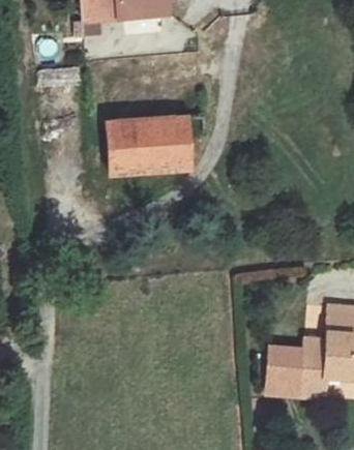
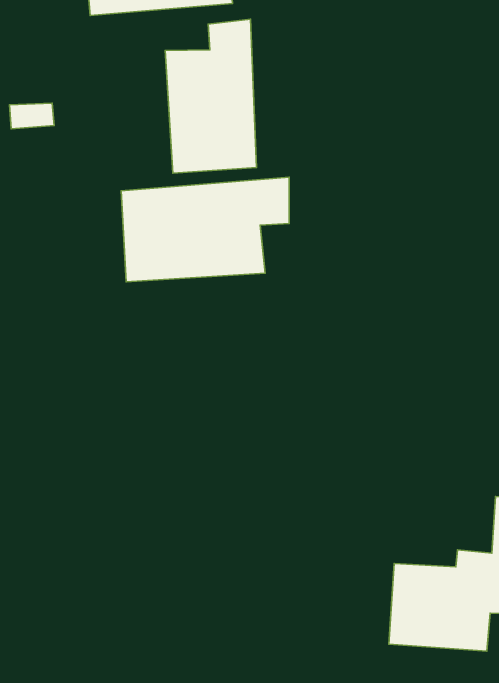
building: none -> [165,19,256,173]

